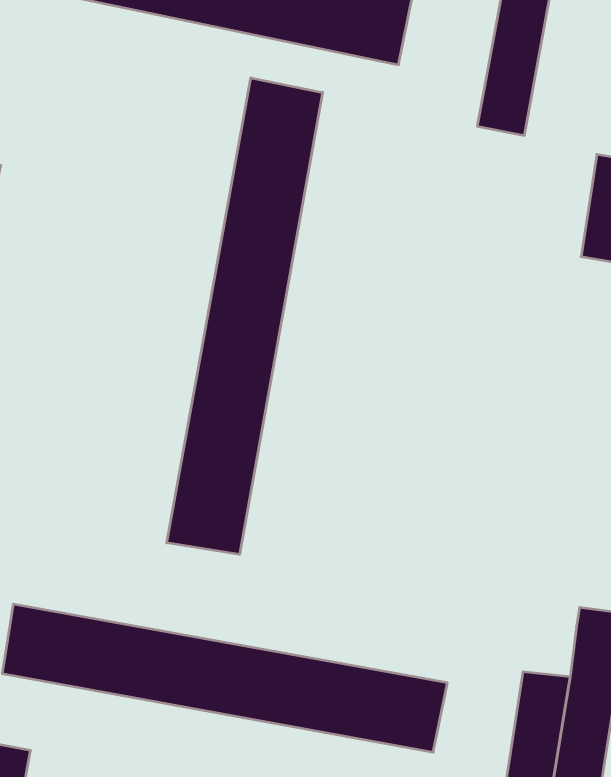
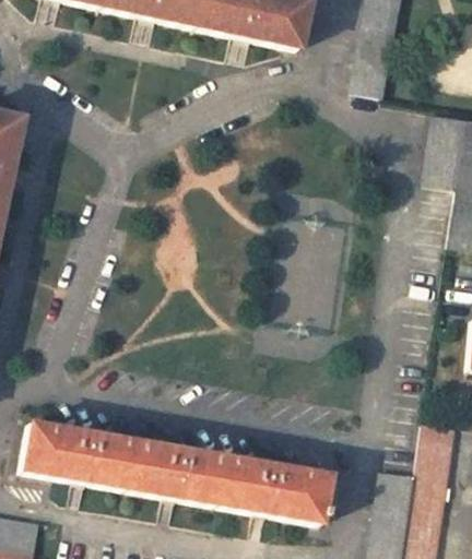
building: [167,78,323,554] -> none

